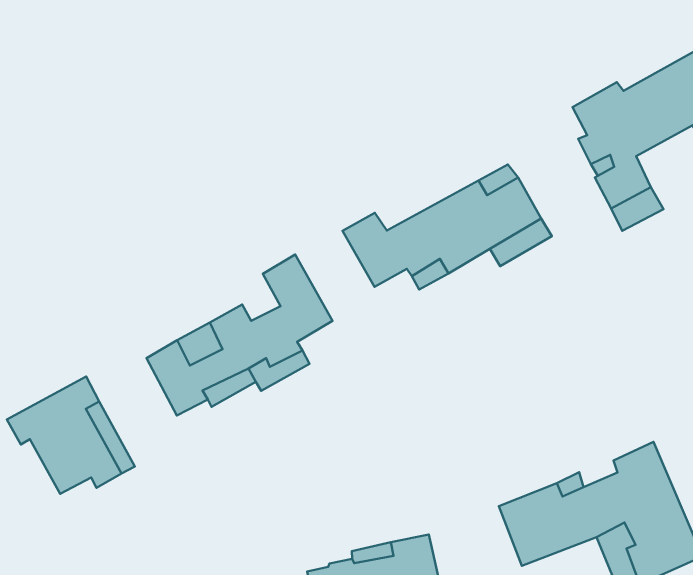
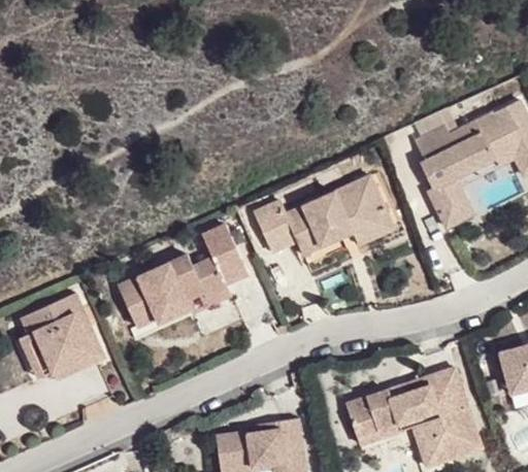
building: none -> [20,334,77,379]

